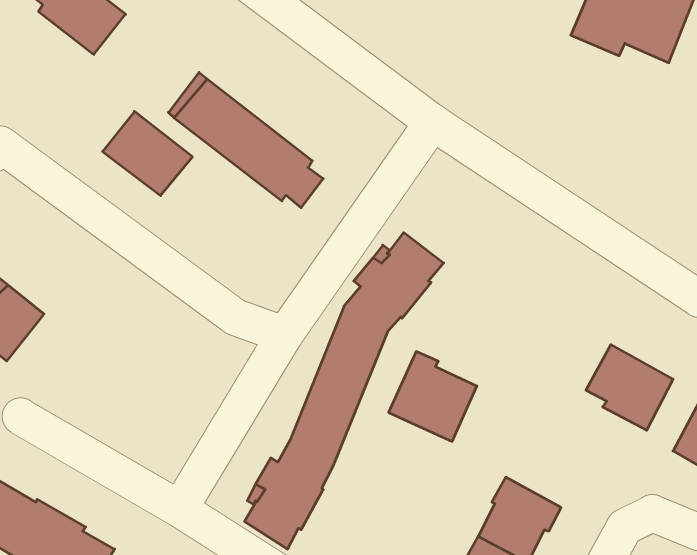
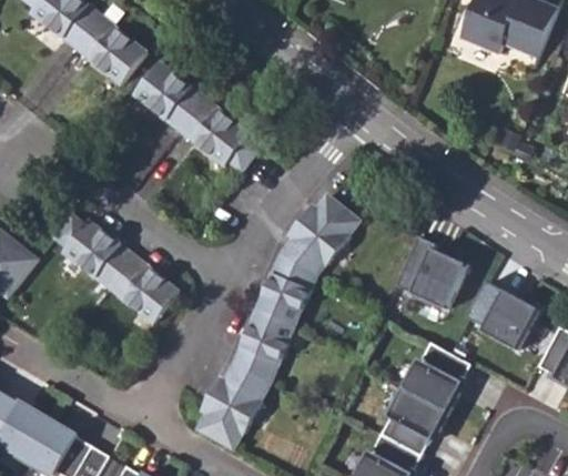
building: [103,111,192,196] -> [75,17,148,84]
building: none -> [52,213,178,321]
building: [389,352,477,441] -> [397,237,468,310]
building: none -> [406,344,473,413]

